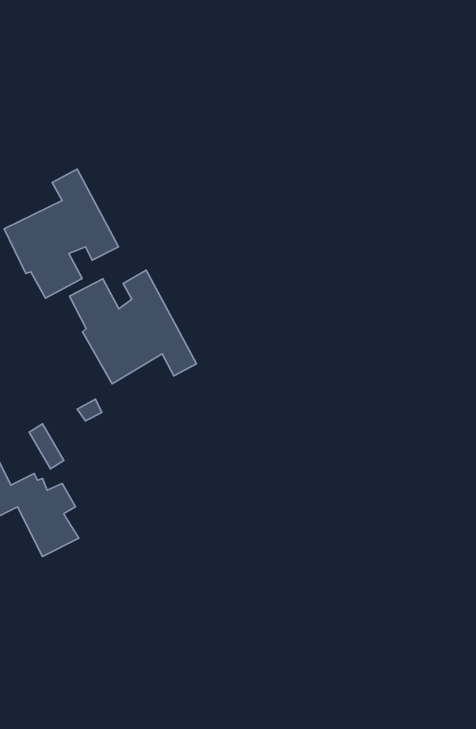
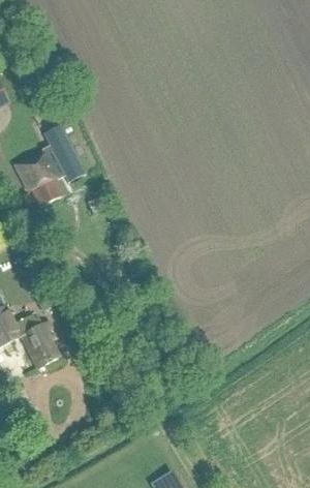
building: [69,270,196,384] -> none

